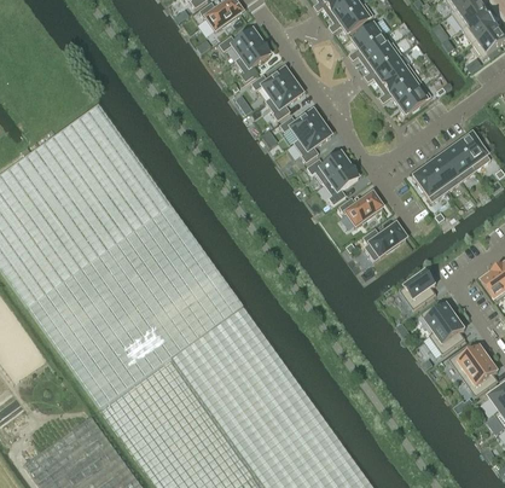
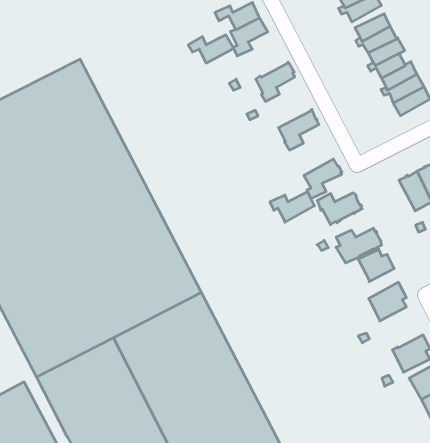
building: [250,68,292,97] -> [188,35,233,63]
building: [279,109,321,138] -> none
building: [306,151,348,182] -> [270,192,315,222]
building: [420,300,455,331] -> [358,249,394,282]

